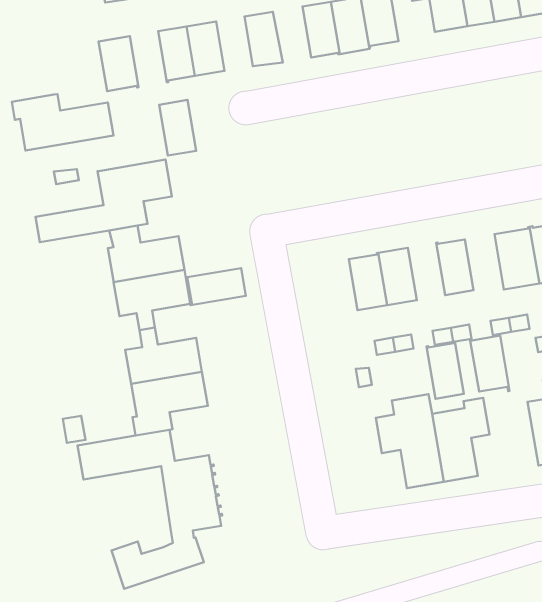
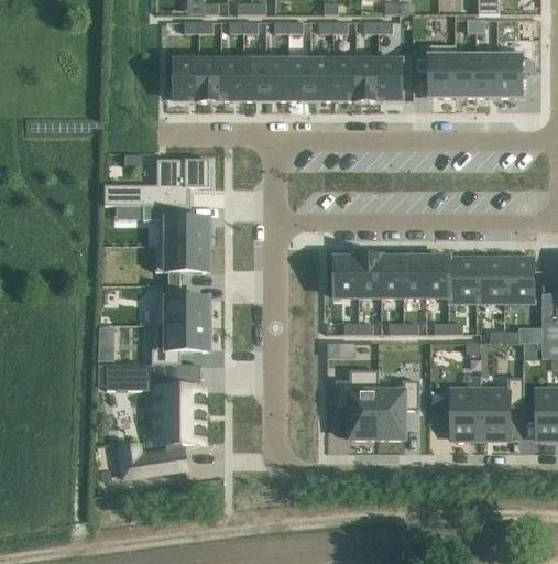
building: none -> [309,61,332,100]
building: none -> [265,61,287,99]
building: [12,94,113,150] -> none
building: [159,100,196,156] -> [198,61,220,100]
building: [187,268,246,305] -> none
building: [470,336,510,392] -> [425,258,448,301]
building: [427,342,464,399] -> [381,257,403,297]

